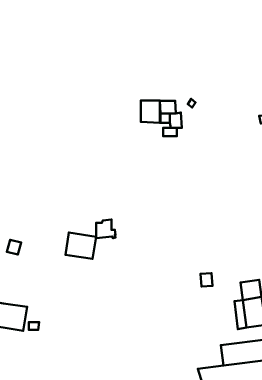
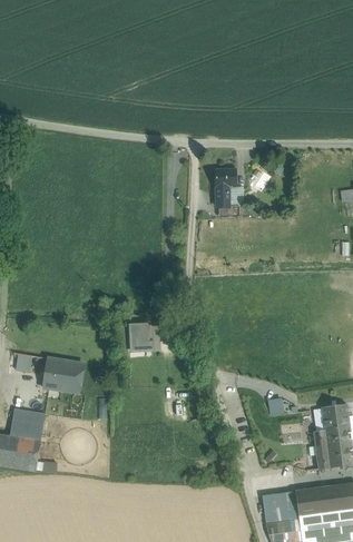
building: [141,100,160,123] -> none
building: [65,233,96,259] -> [43,357,84,392]
building: none -> [10,408,45,440]
building: none -> [262,490,298,521]

